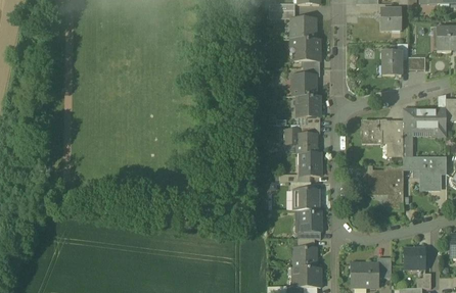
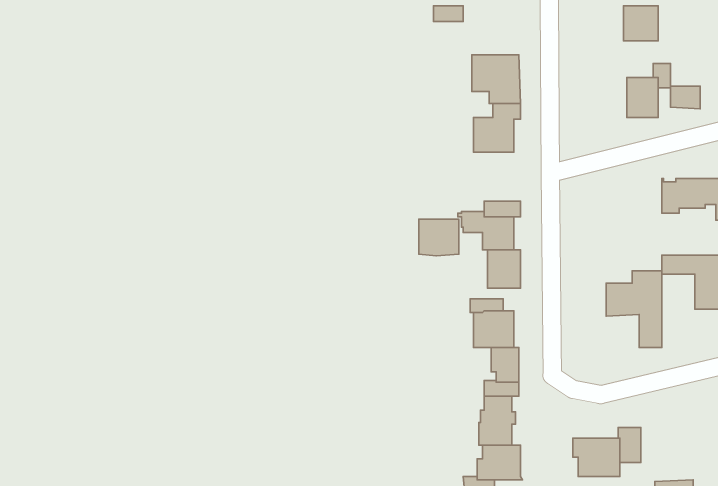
building: [290,17,315,38] -> none
building: [297,95,320,116] -> [419,219,459,256]
building: [362,121,403,155] -> none
building: [405,247,424,267] -> none

